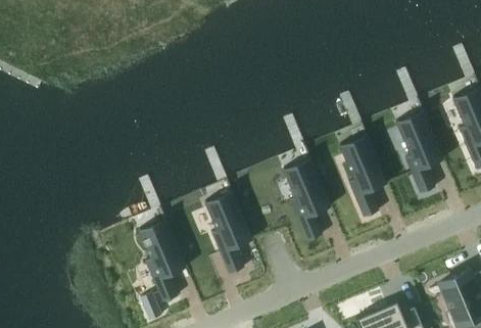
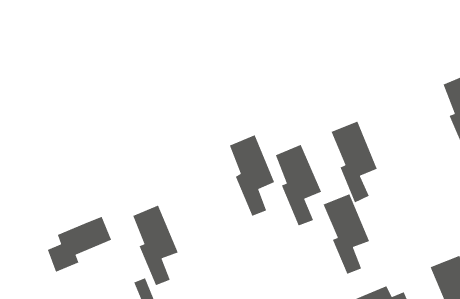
building: [395,111,443,194] -> [323,193,370,275]
building: [205,191,252,275] -> [229,134,275,217]
building: none -> [47,216,112,273]

